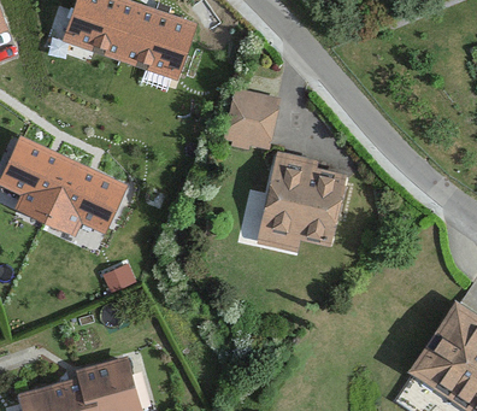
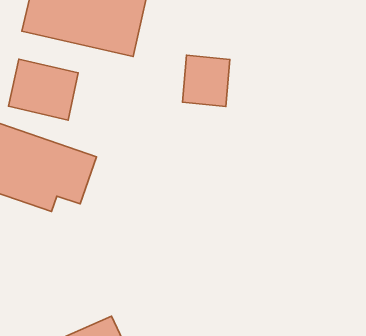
building: none -> [9,59,78,120]
building: [255,149,346,248] -> none

